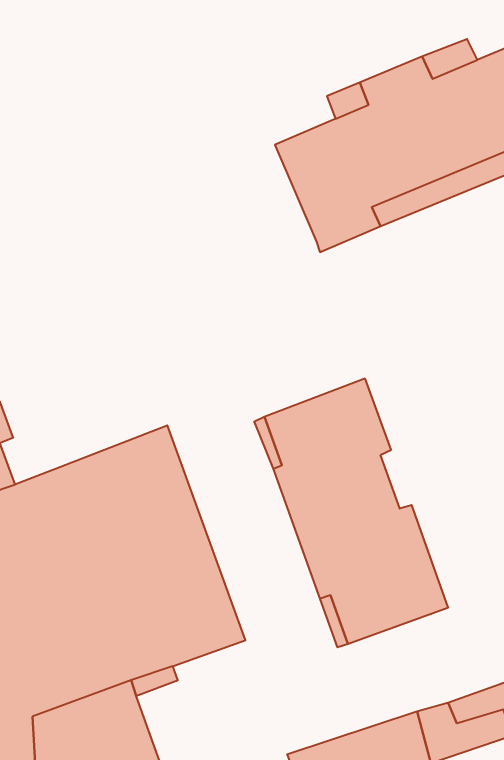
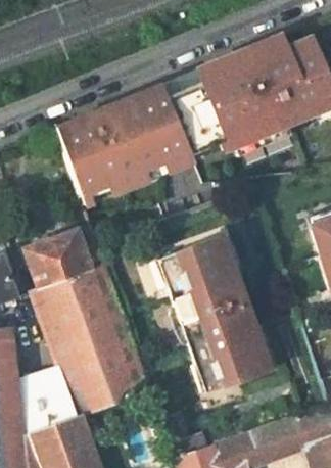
building: none -> [57,85,193,200]
building: none -> [28,230,105,288]

